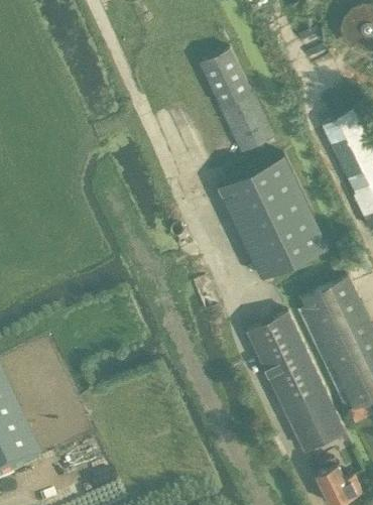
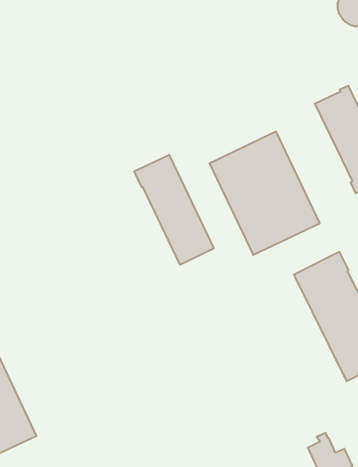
building: [201,50,273,154] -> none
building: none -> [134,155,214,265]
building: [248,313,346,453] -> none

